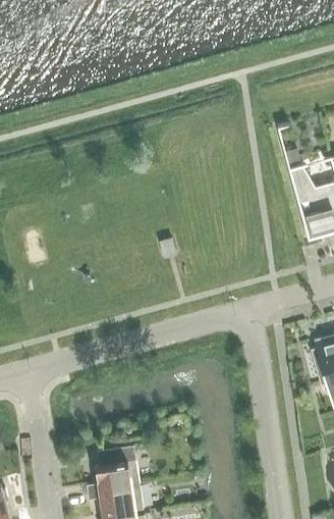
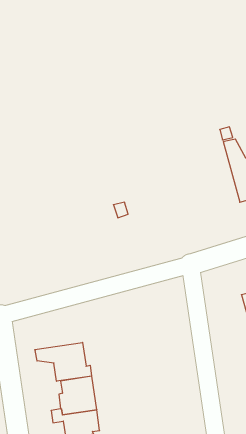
building: none -> [35,342,91,381]

